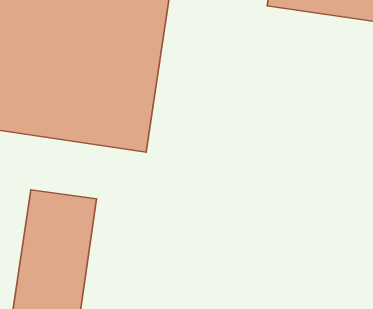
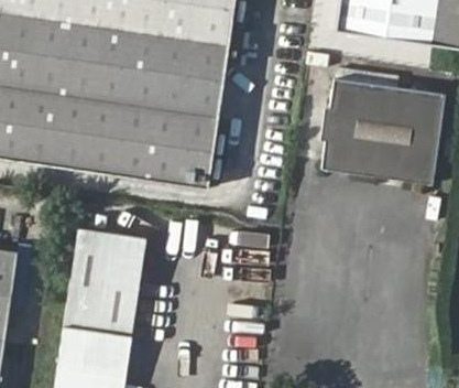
building: none -> [321,77,445,181]

